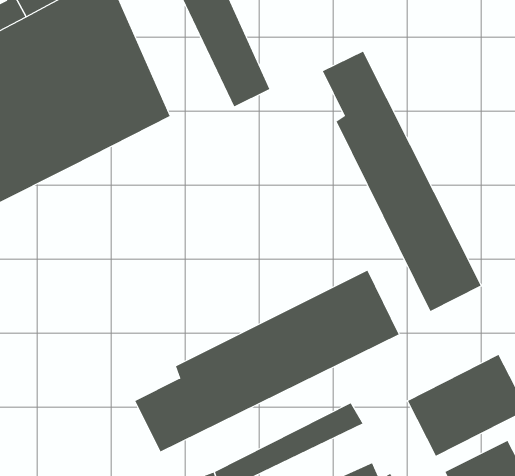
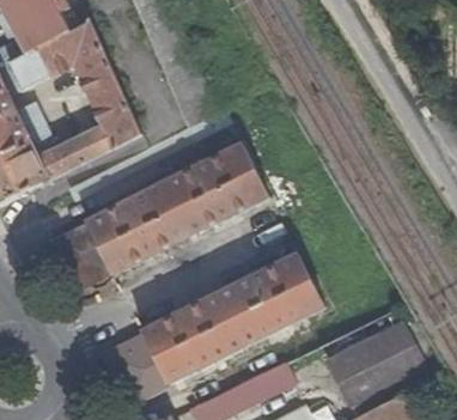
building: [322,51,481,312] -> none
building: none -> [51,145,266,284]

